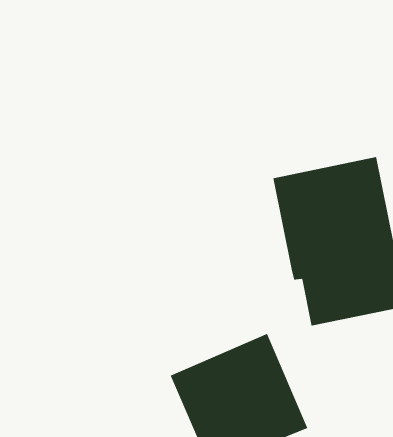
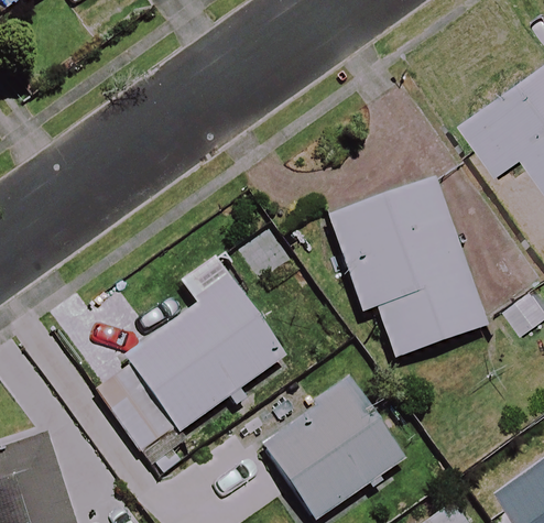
building: none -> [126,274,287,431]

